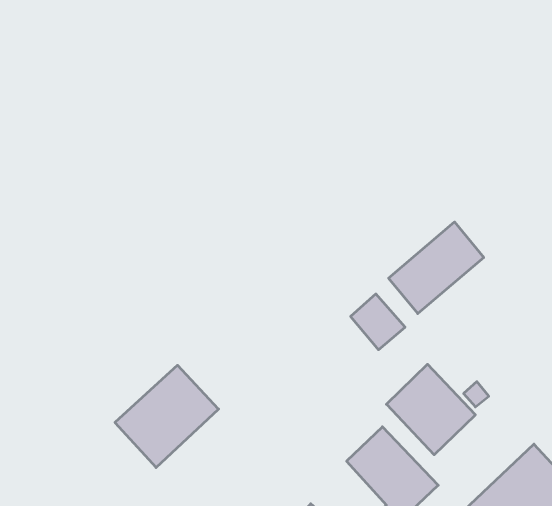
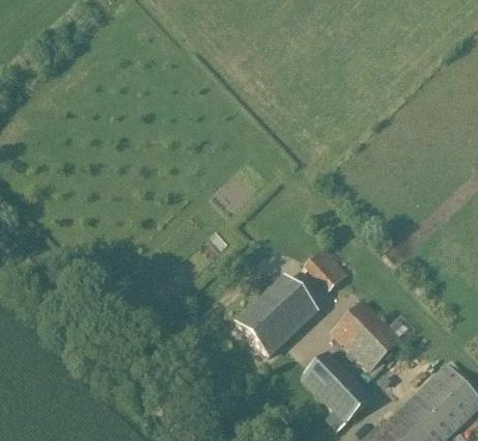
building: [389,222,484,314] -> none
building: [115,365,219,468] -> [235,278,316,358]

